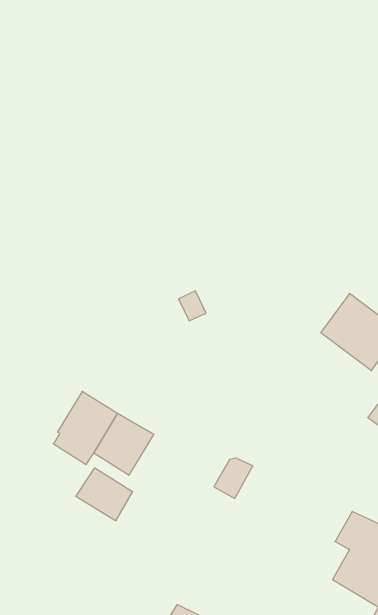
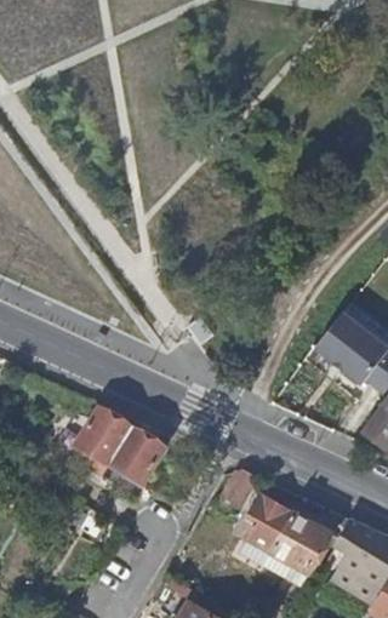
building: [76,468,133,521] -> none
building: none -> [245,494,330,573]

